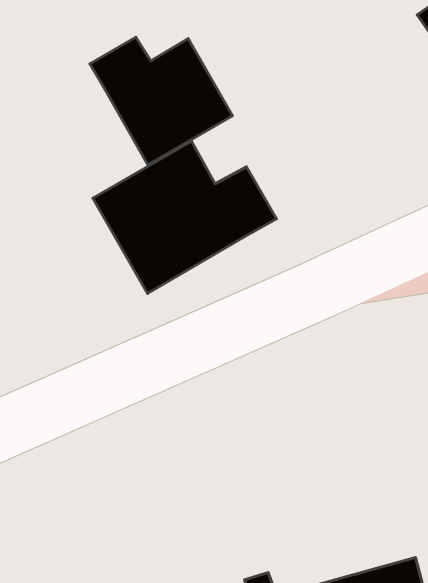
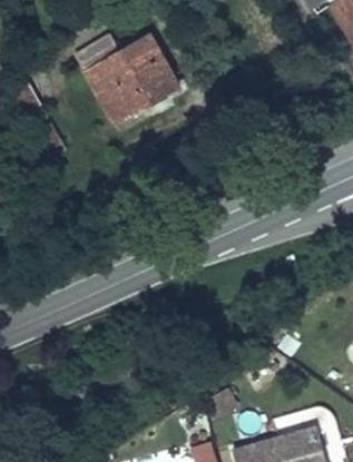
building: [93,141,276,293] -> none

